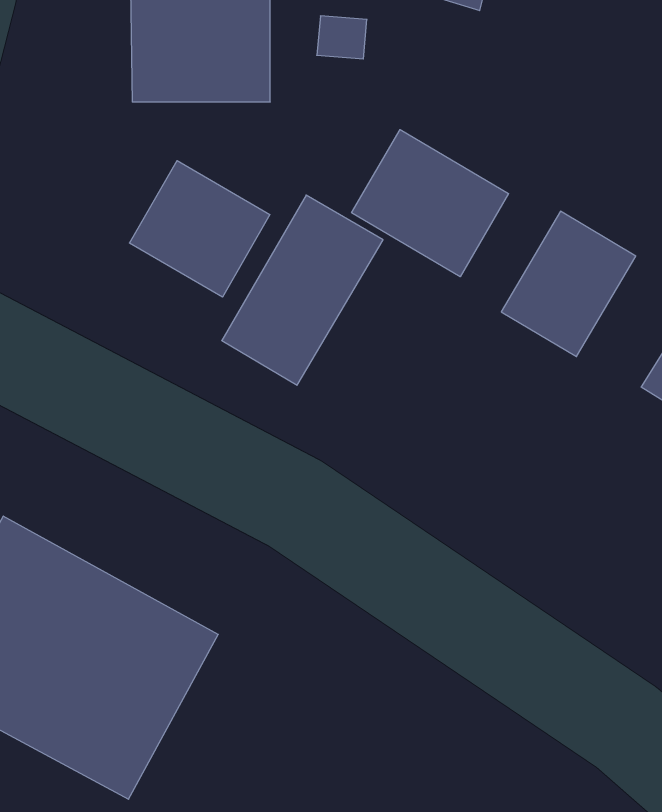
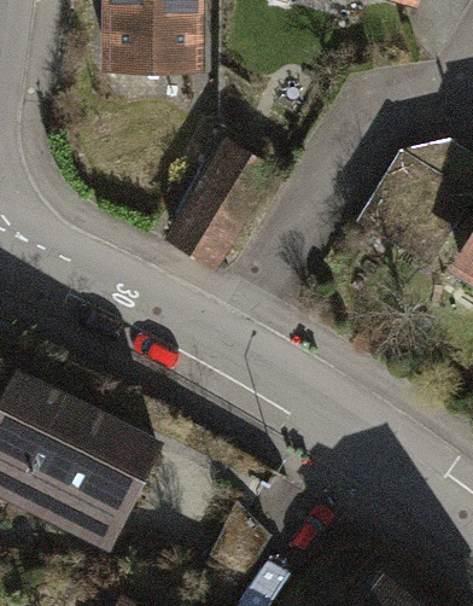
building: [352,130,509,277] -> none
building: [129,161,270,297] -> none

